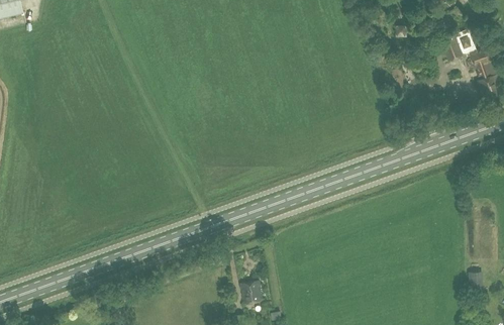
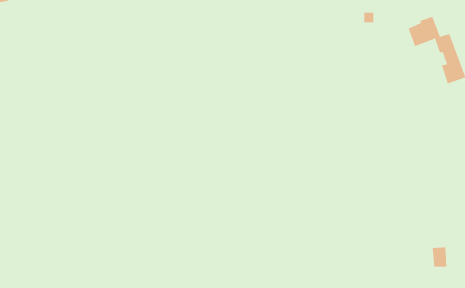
building: [241,280,263,303] -> none

